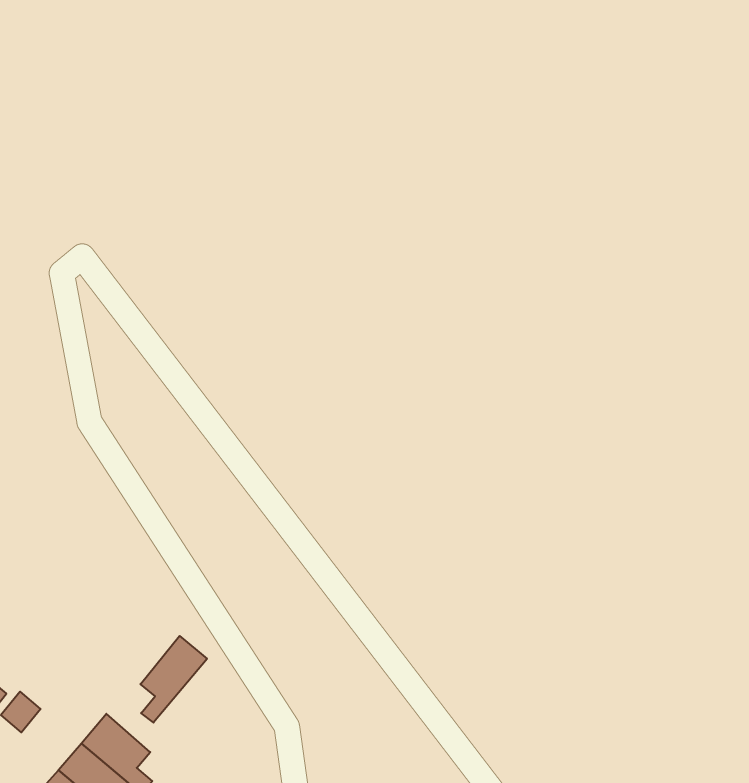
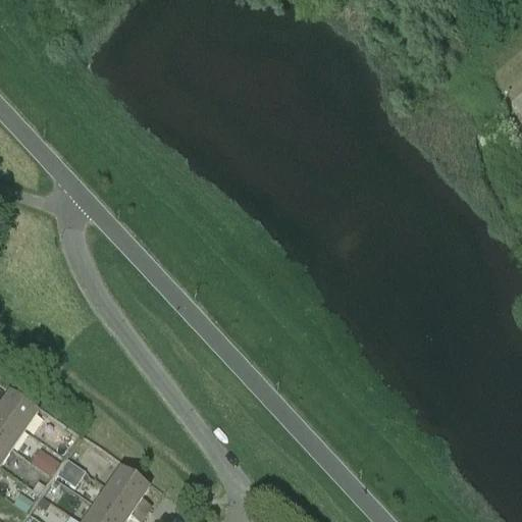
building: [140,636,207,723] -> none

